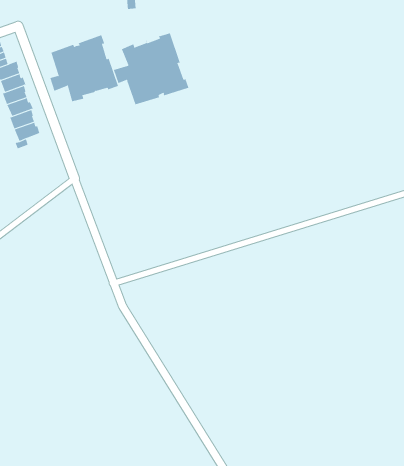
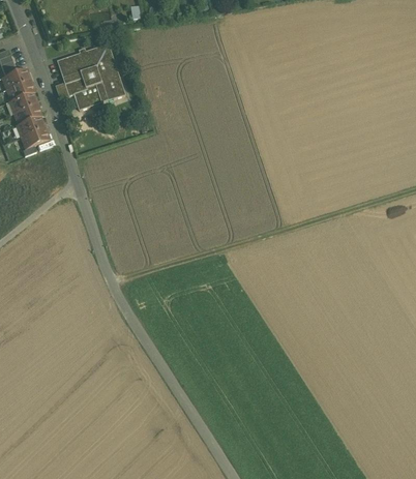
building: [113,32,189,105] -> none

